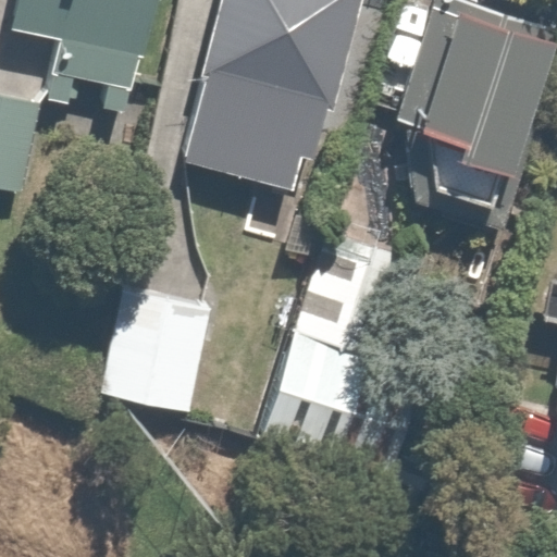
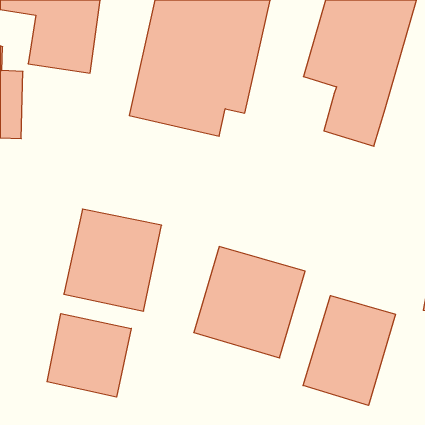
building: none -> [303,296,396,405]
building: none -> [47,314,131,397]

